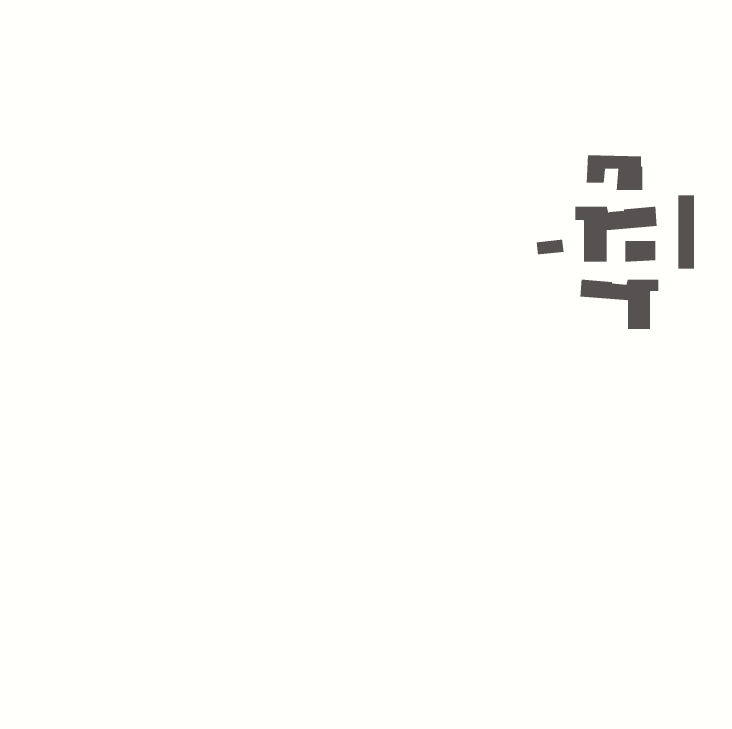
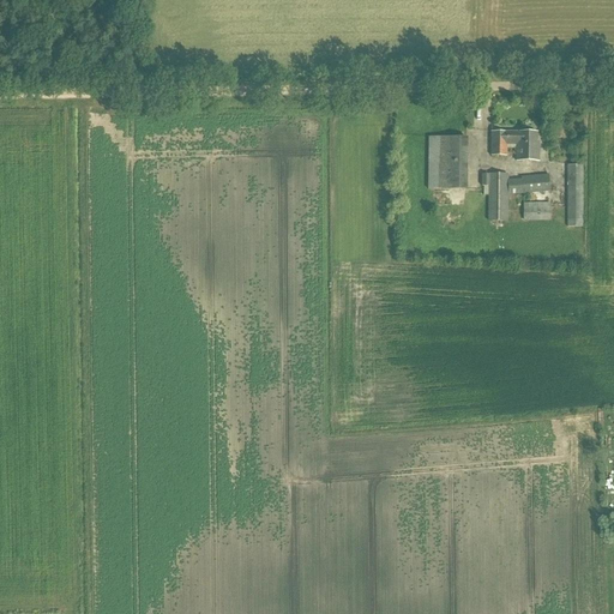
building: none -> [428,136,466,187]
building: [580,279,659,330] -> none

